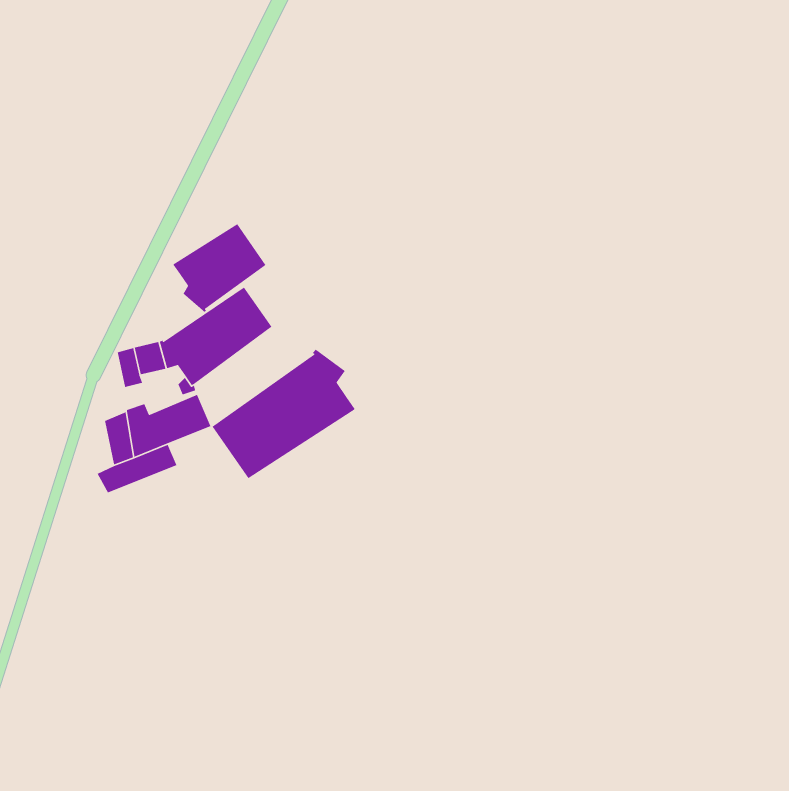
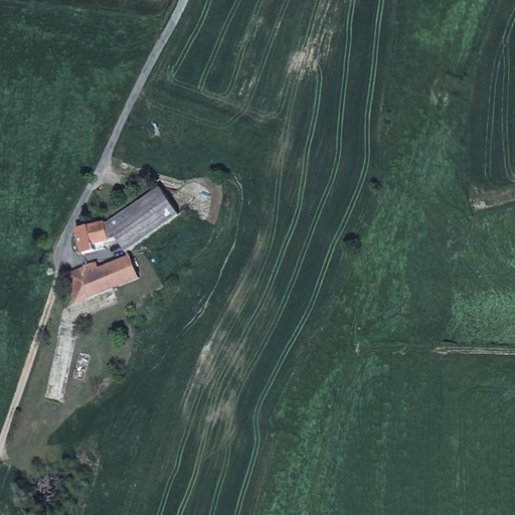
building: [173,223,267,313] -> none
building: [212,348,356,479] -> none

